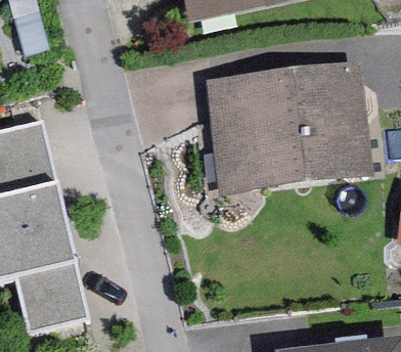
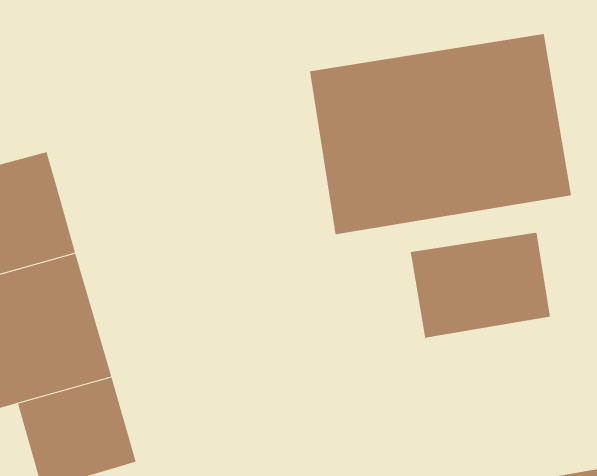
building: none -> [410,232,551,338]

